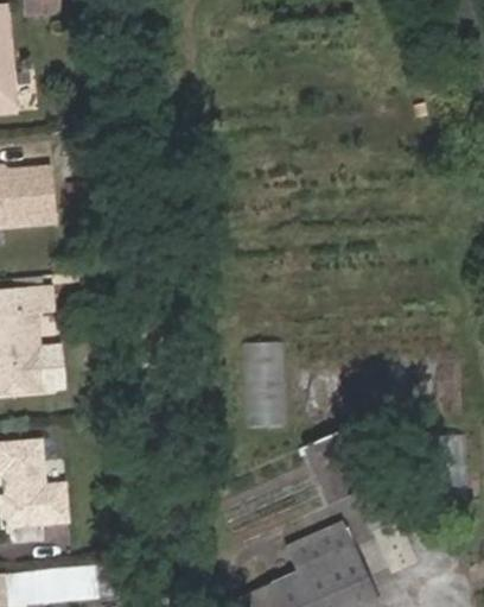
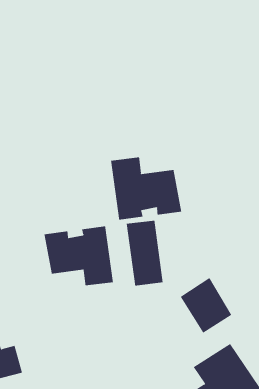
building: none -> [110,157,182,220]
building: none -> [44,226,113,286]

